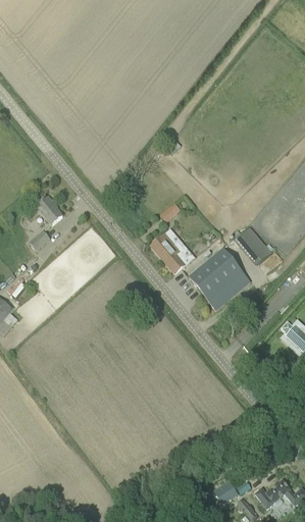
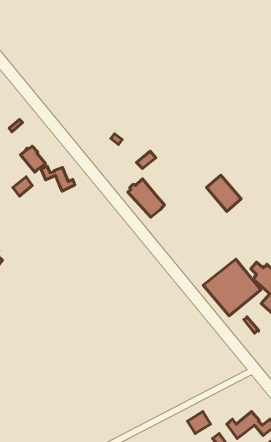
building: none -> [41,166,75,191]
building: [188,249,249,309] -> [203,259,261,316]

